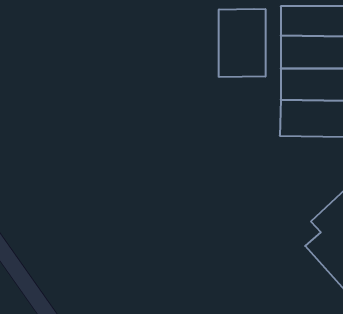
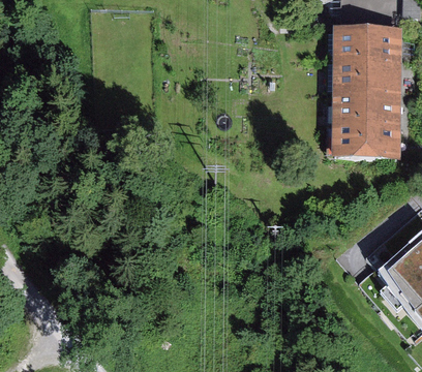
building: [219,9,265,77] -> none

